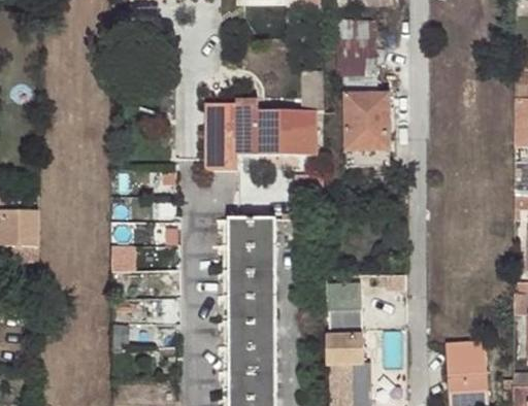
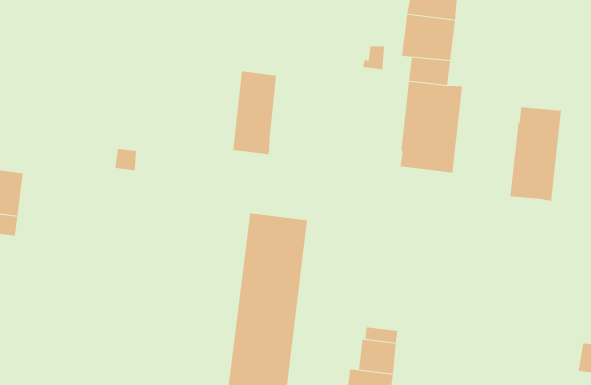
building: [235,97,317,154] -> none
building: none -> [510,107,562,202]

